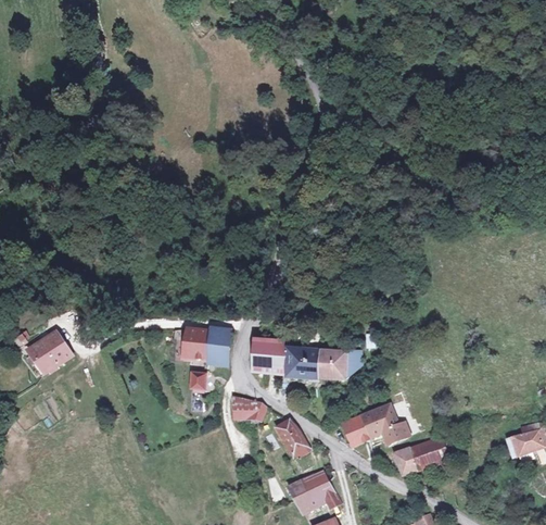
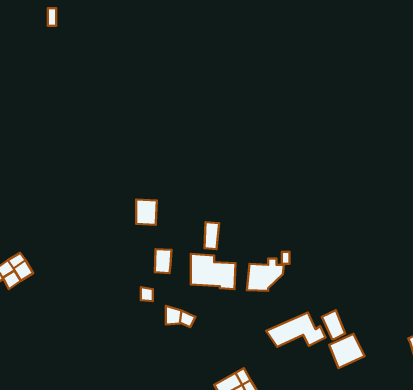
building: [190,330,214,360] -> [136,200,157,225]
building: [306,347,323,378] -> [204,222,219,249]
building: [267,422,306,461] -> none
building: [401,442,428,476] -> [322,310,345,339]

